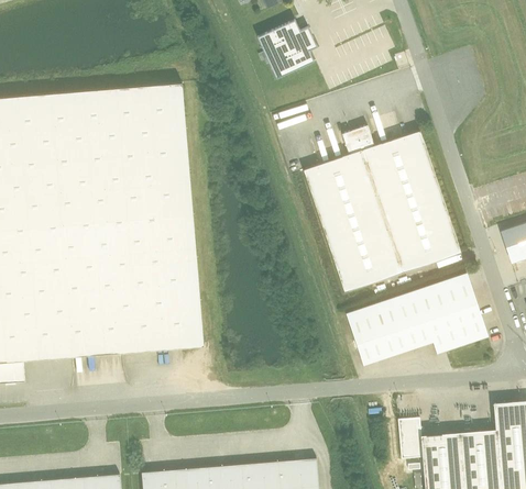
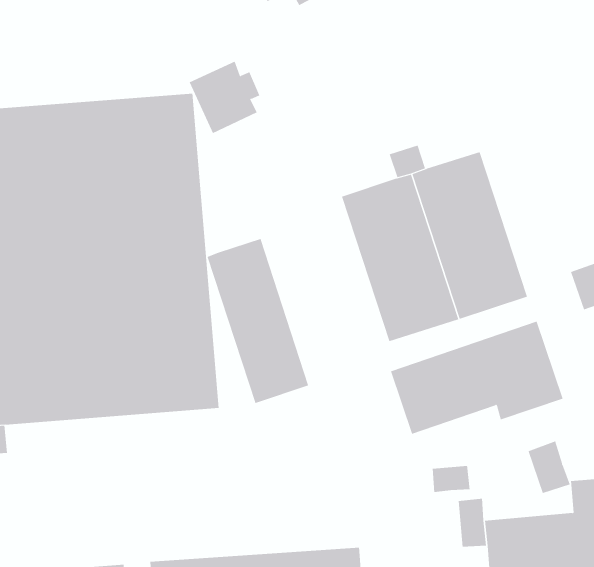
building: [255,19,315,79] -> [189,61,260,134]
building: none -> [207,238,309,404]
building: none -> [528,441,571,494]
building: none -> [432,465,470,493]

